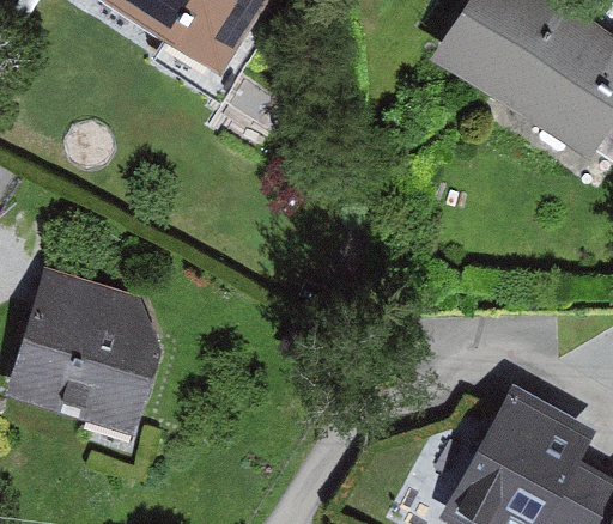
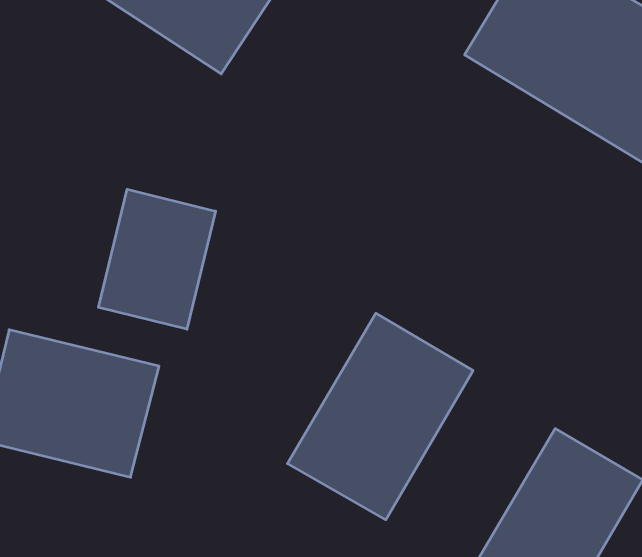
building: none -> [98,189,216,329]
building: none -> [287,313,473,520]

